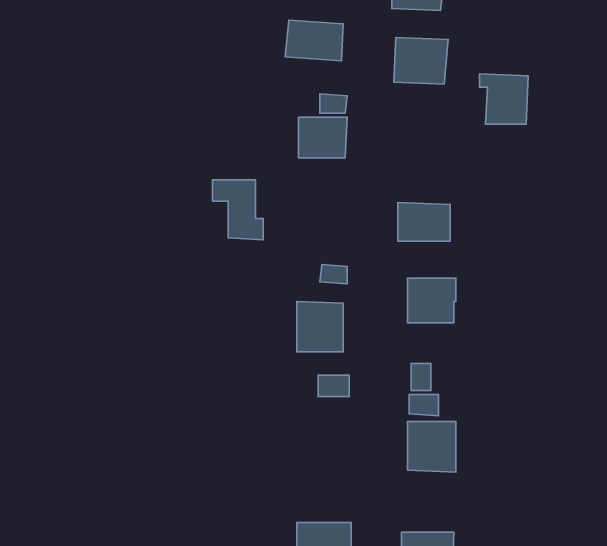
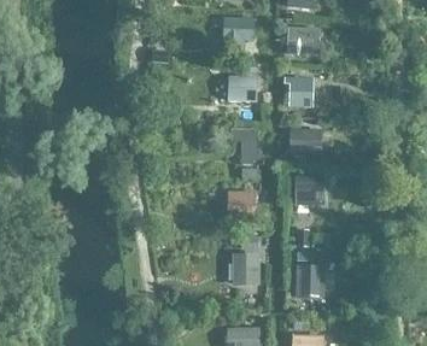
building: [480,74,528,124] -> [285,76,315,107]
building: [213,180,263,240] -> [232,128,263,165]
building: none -> [233,253,259,285]

